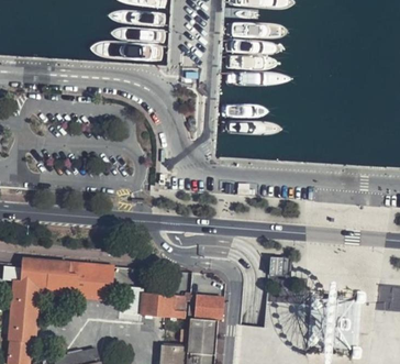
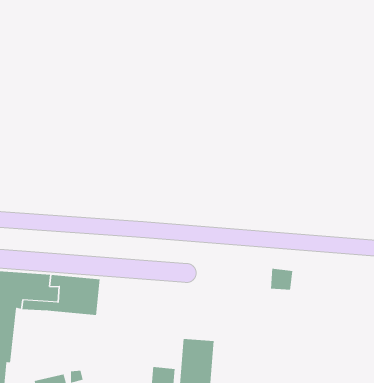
building: [141,293,189,318] -> none
building: [193,296,223,319] -> none

